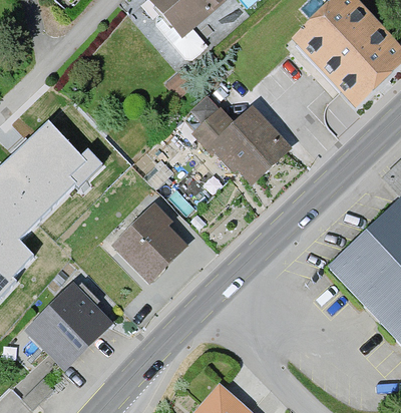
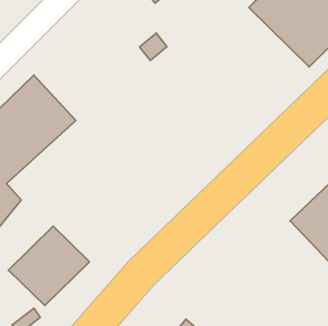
building: [189,97,289,183] -> none
building: [111,202,186,284] -> none

